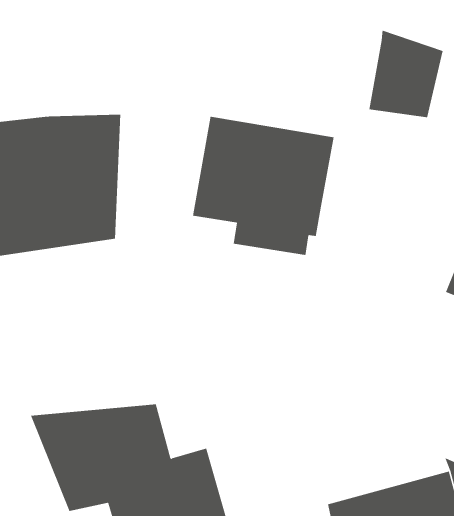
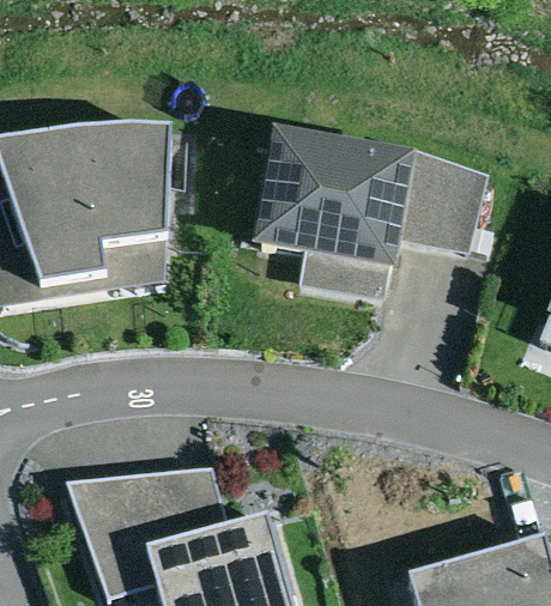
building: [368,30,444,118] -> [399,149,485,249]

